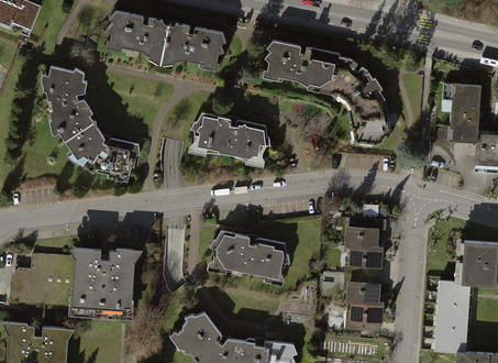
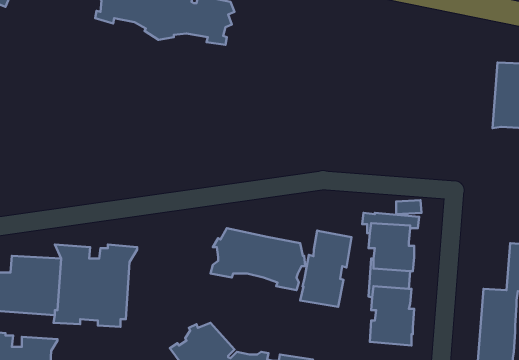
building: [262,41,391,144] -> none
building: [40,66,140,182] -> none
building: [187,112,269,167] -> none
building: none -> [300,231,352,307]

